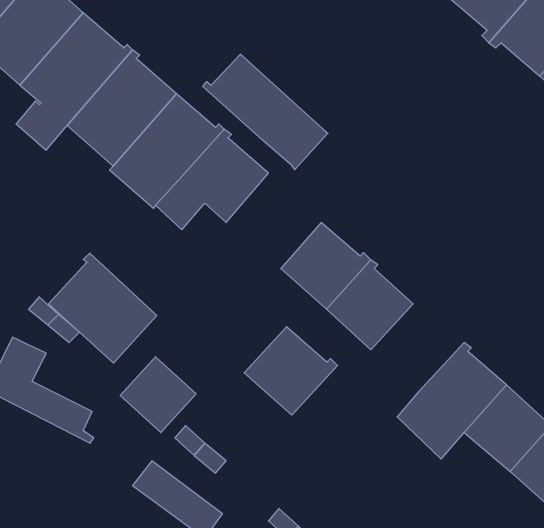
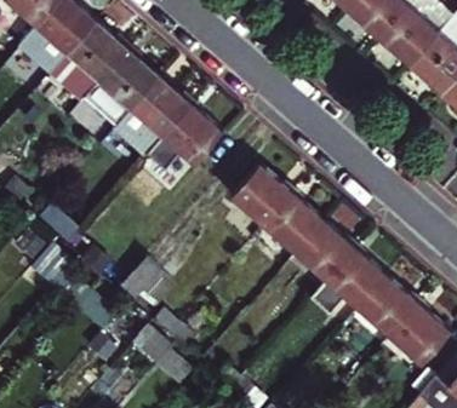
building: [203,54,328,170] -> none
building: [49,253,157,363] -> none
building: [244,327,338,415] -> [293,220,358,281]

